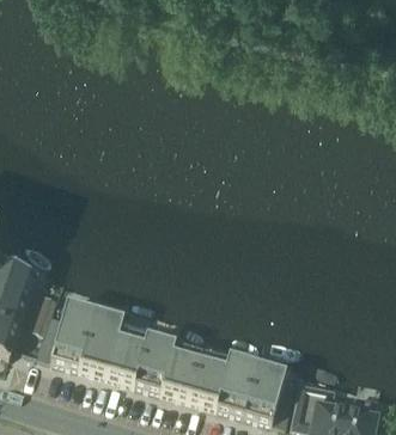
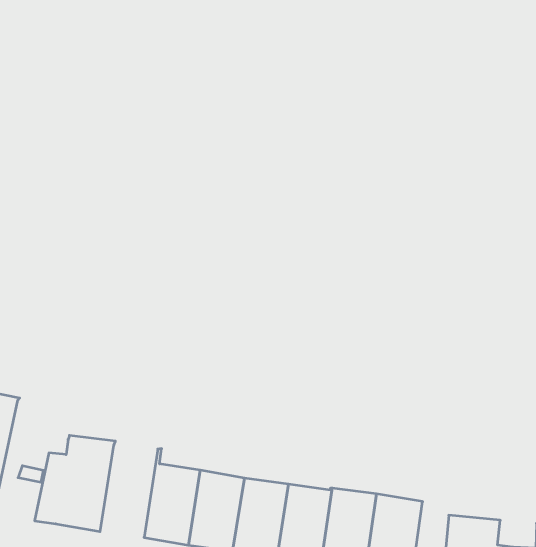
building: [77,311,120,374] -> none

